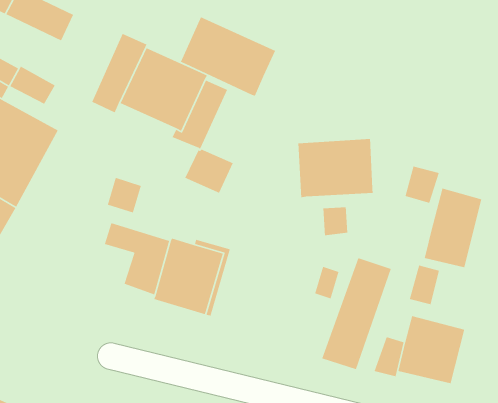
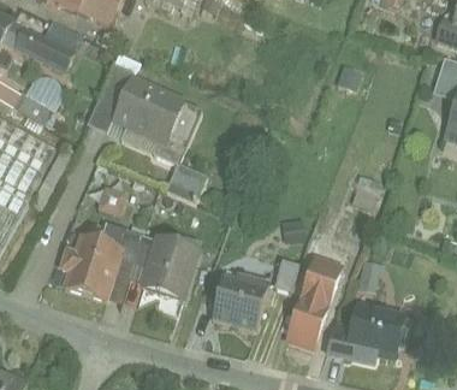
building: [180,16,276,97] -> none
building: [298,138,374,198] -> none
building: [424,188,482,268] -> none
building: none -> [57,235,121,301]
building: none -> [208,265,267,335]

